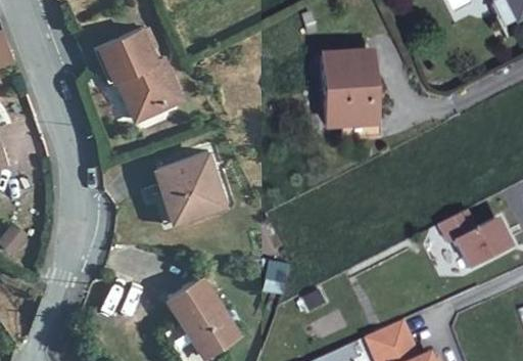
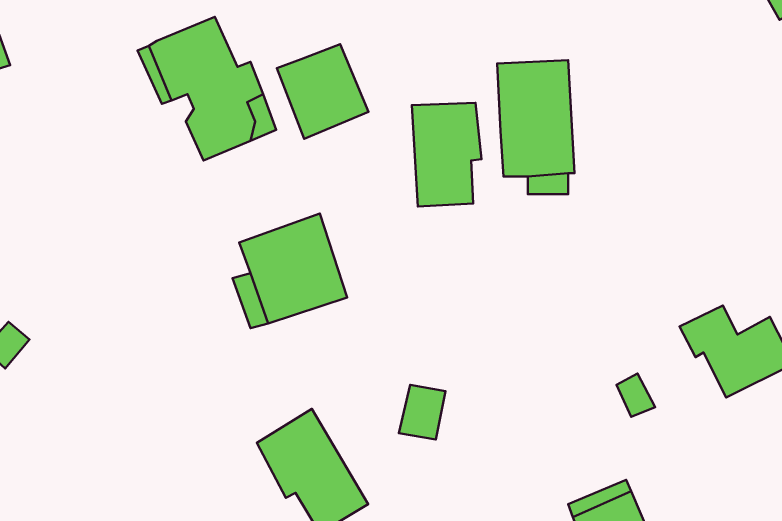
building: none -> [277,44,368,139]
building: none -> [412,103,482,207]

